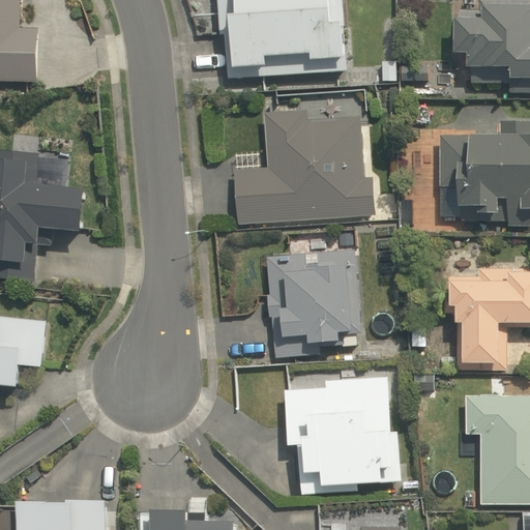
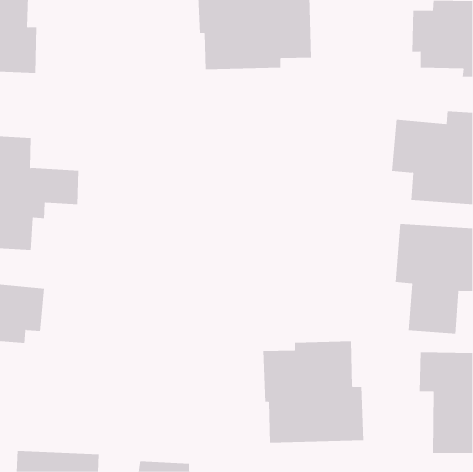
building: [235,98,367,225] -> none
building: [265,243,363,356] -> none

